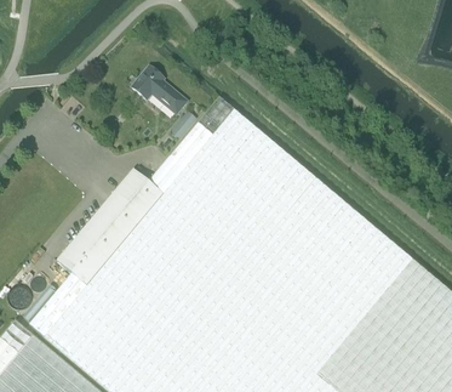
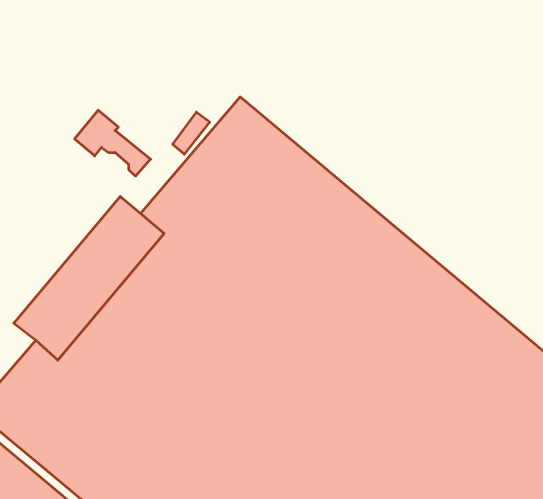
building: [132,68,187,115] -> [75,110,151,176]

